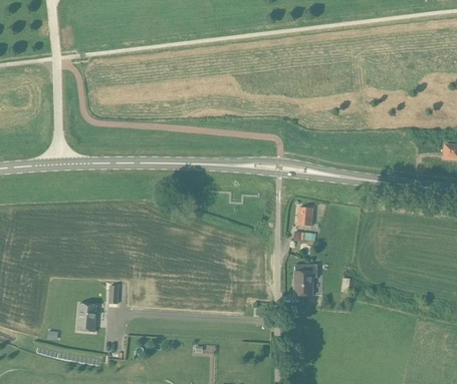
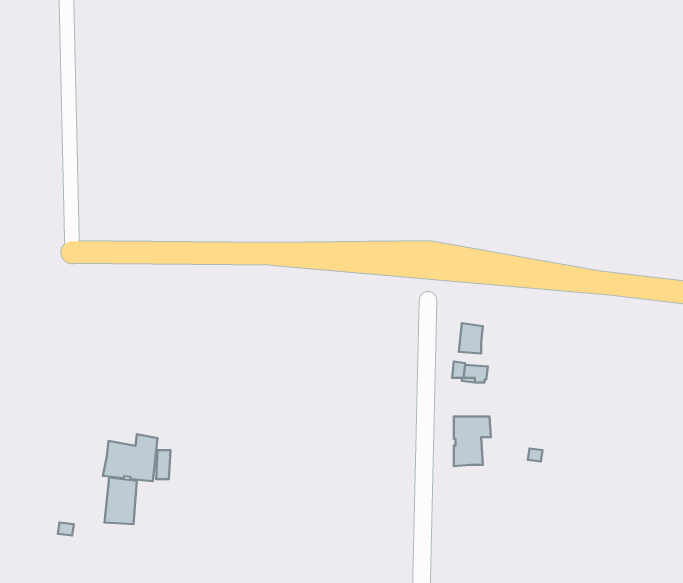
building: none -> [103,434,157,481]

